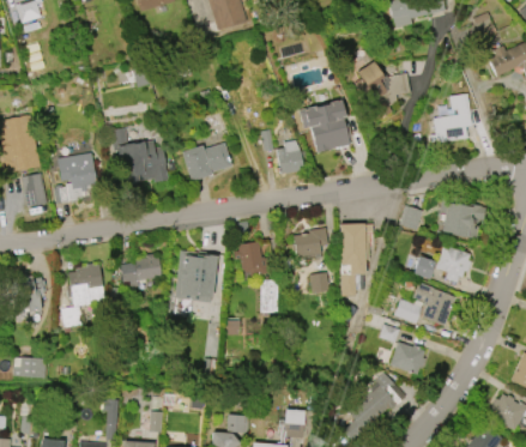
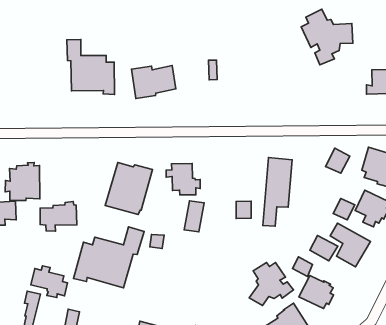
building: [298,98,351,152] -> none
building: [276,140,303,174] -> none
building: [54,152,97,204] -> none
building: [294,228,327,256] -> none
building: [121,253,162,288] -> [40,201,77,231]
building: none -> [73,227,144,288]
building: none -> [249,262,293,305]
building: none -> [31,266,67,298]

